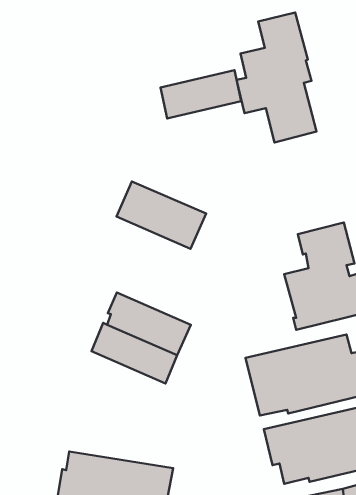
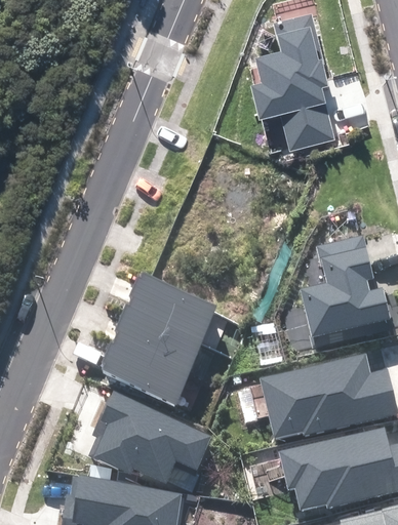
building: [160,70,241,119] -> none
building: [116,181,206,249] -> [124,272,218,342]
building: none -> [89,393,212,483]

